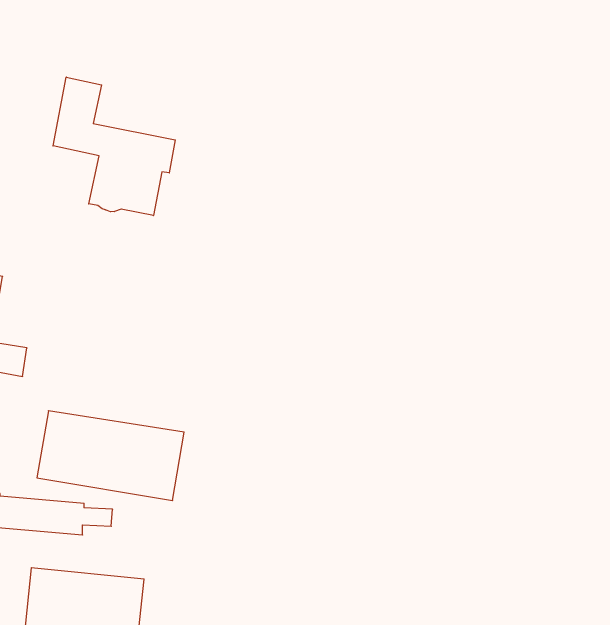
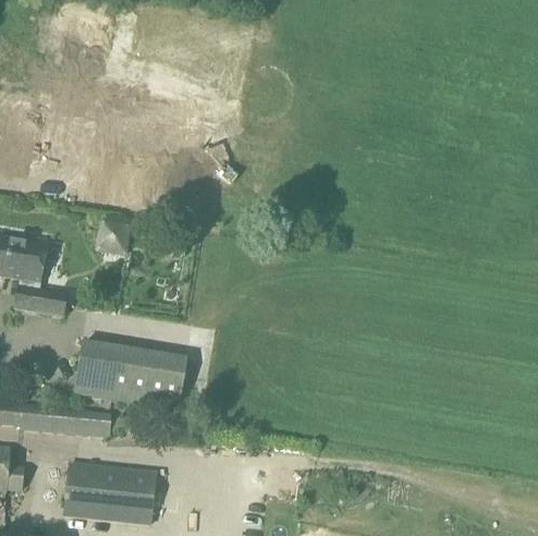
building: [53,77,175,216] -> none
building: none -> [96,221,130,254]

